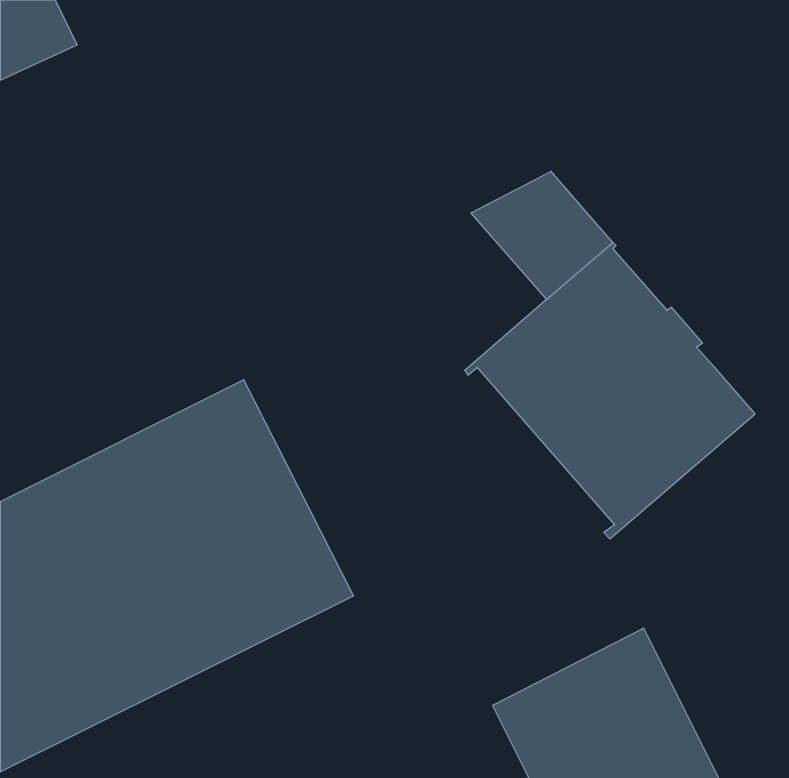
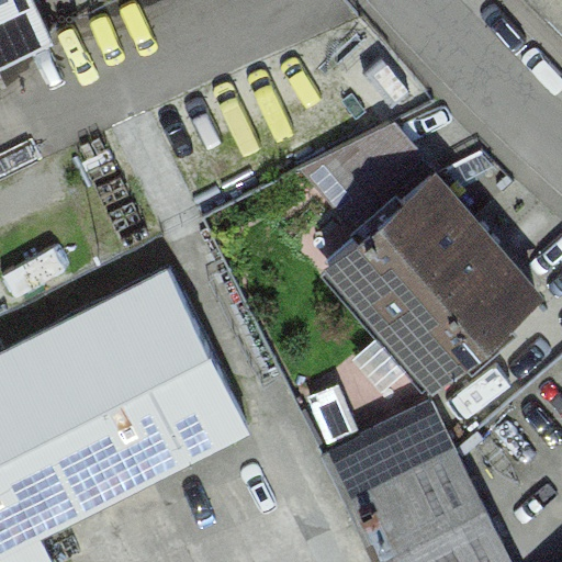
building: none -> [325,406,458,509]

